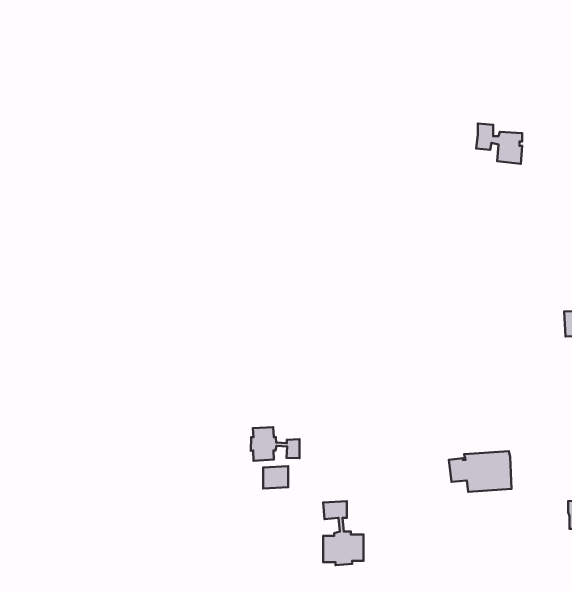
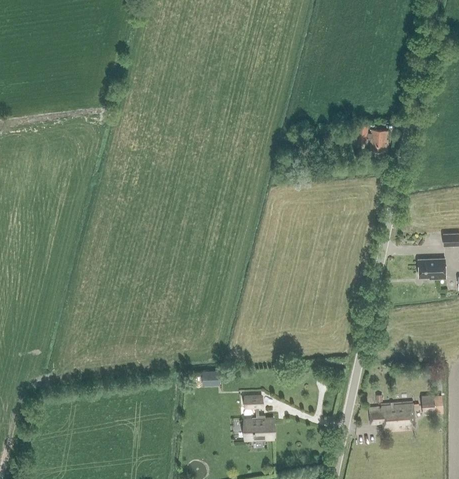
building: [251,427,299,461] -> none
building: [449,451,512,492] -> [368,401,413,430]

